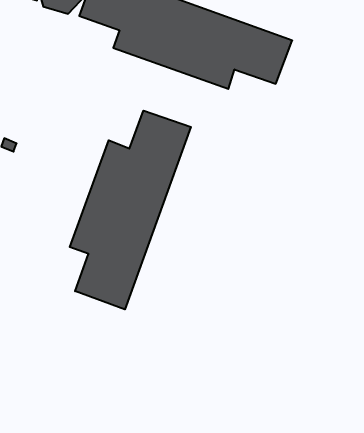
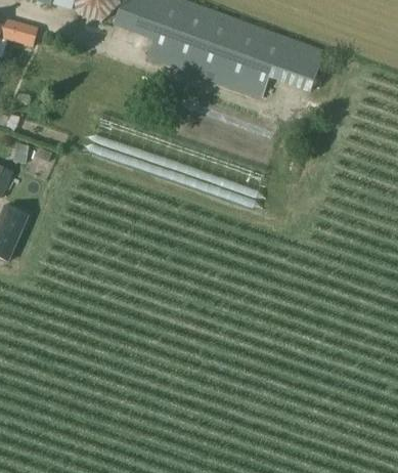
building: [70,111,191,309] -> none

